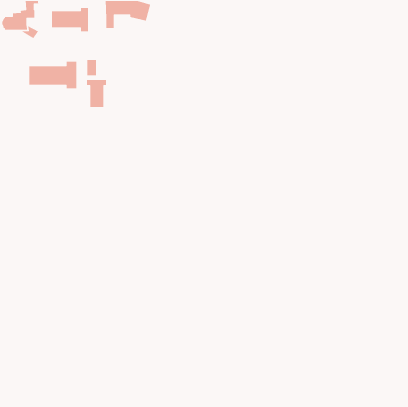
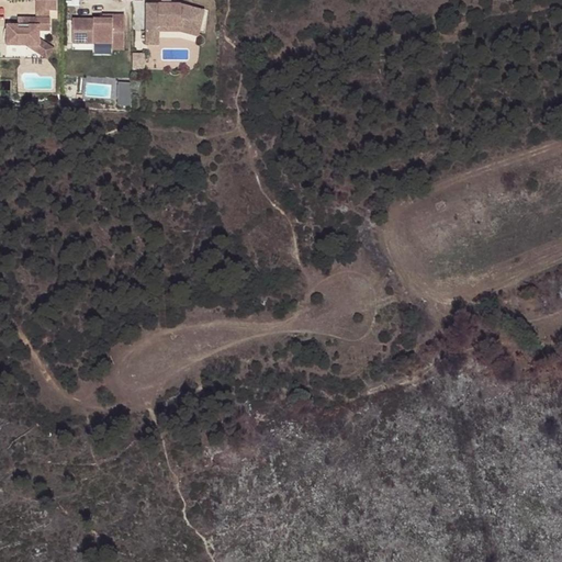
building: [28,61,77,89] -> none
building: [86,79,107,108] -> none

